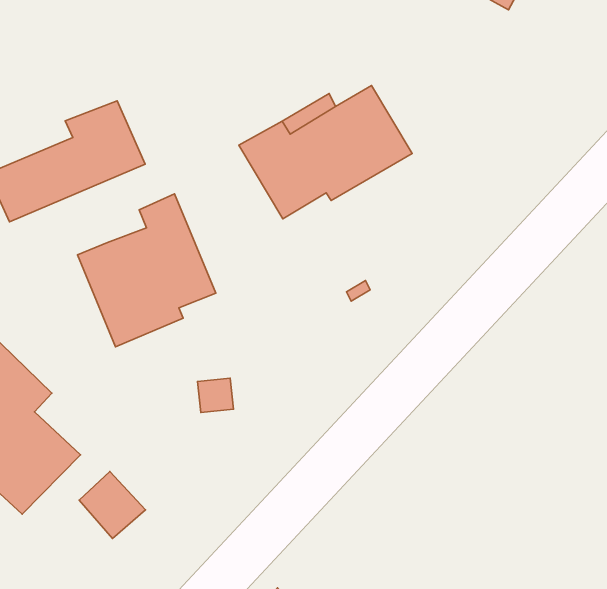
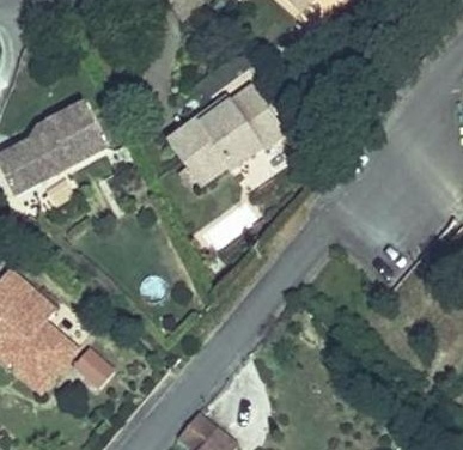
building: [78,194,216,347] -> none

